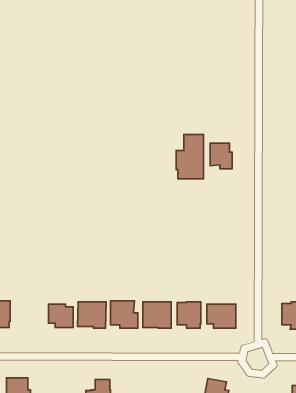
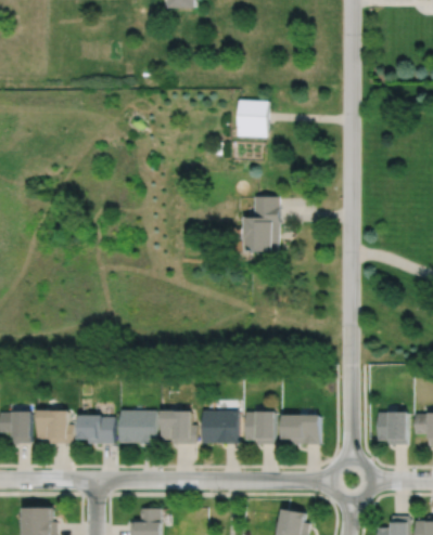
building: none -> [235,101,267,139]
building: [210,143,232,169] -> none
building: none -> [38,408,74,444]

